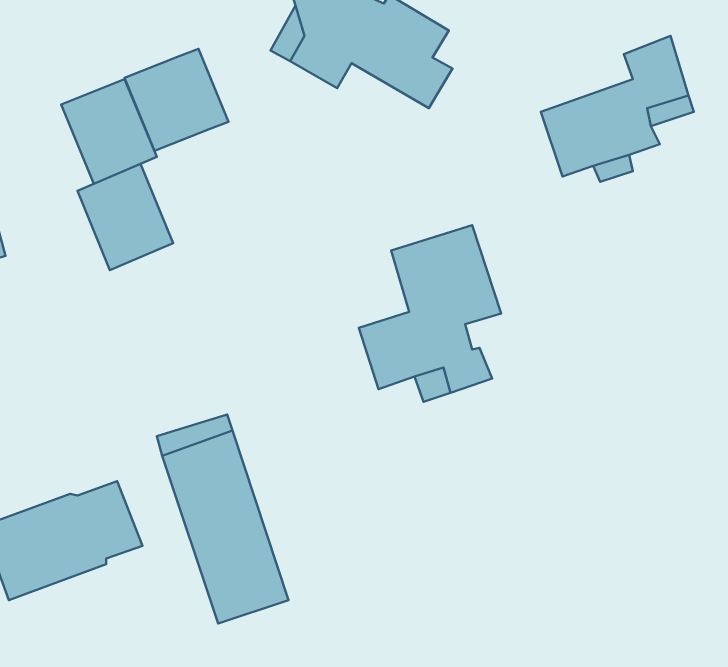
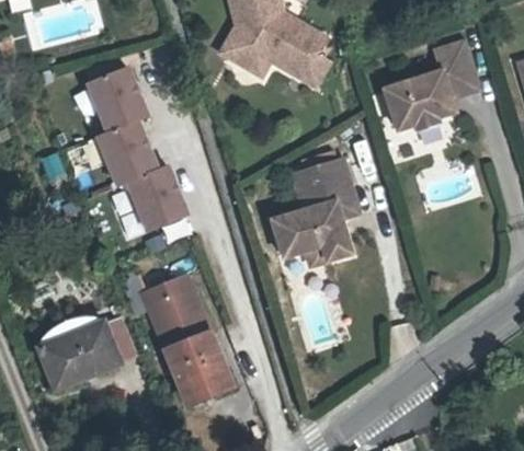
building: [124,49,228,151] -> none
building: none -> [129,164,187,229]

